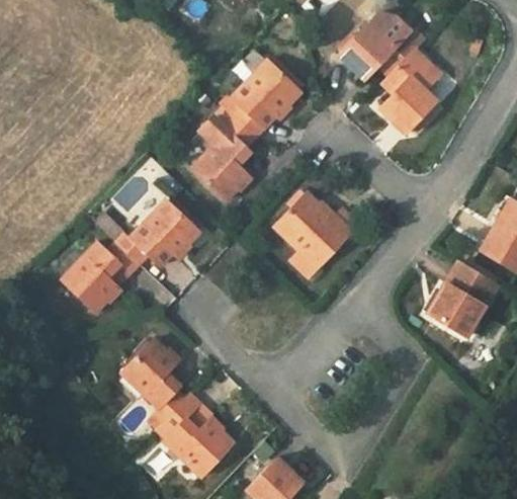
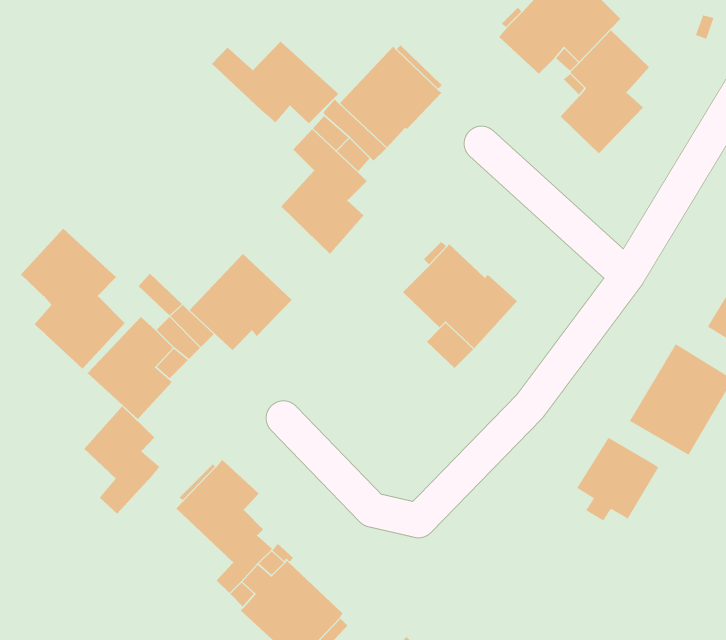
building: none -> [211,41,339,124]
building: none -> [20,228,126,370]
building: none -> [84,405,160,515]
building: none -> [576,437,659,522]

